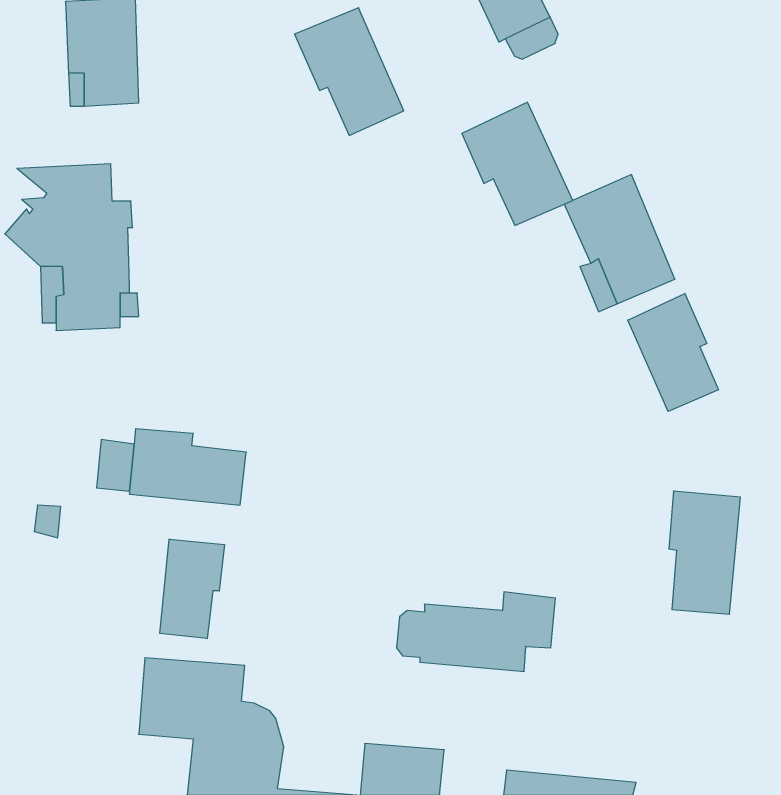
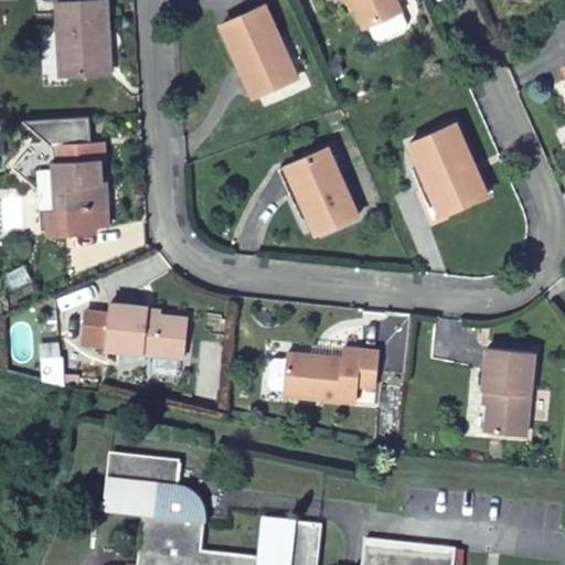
building: [462,102,573,225] -> [280,148,359,235]
building: [628,293,718,411] -> none
building: [160,539,224,639] -> none
building: [396,592,555,671] -> [265,347,377,403]

